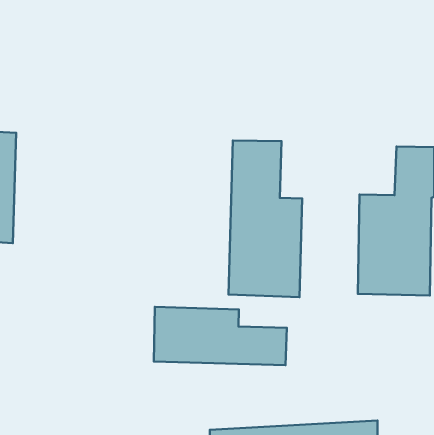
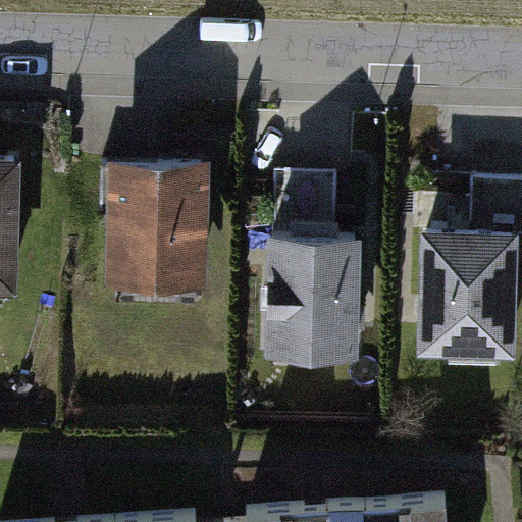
building: none -> [103,165,205,284]
building: [154,307,287,365] -> none

